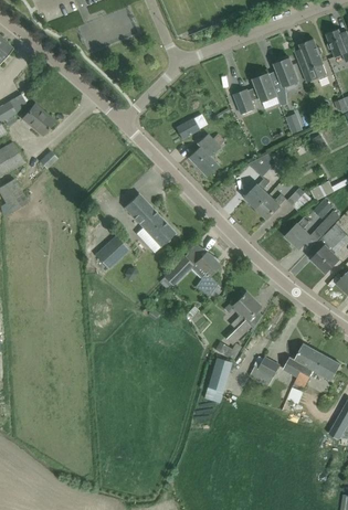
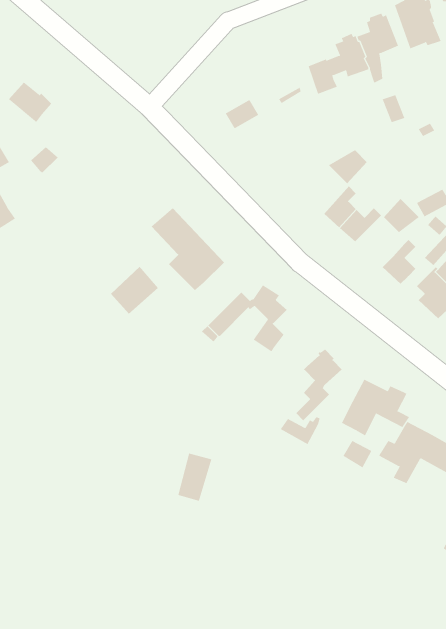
building: [188,132,223,177] -> none
building: none -> [341,379,410,436]
building: [208,357,232,391] -> [177,453,212,501]

